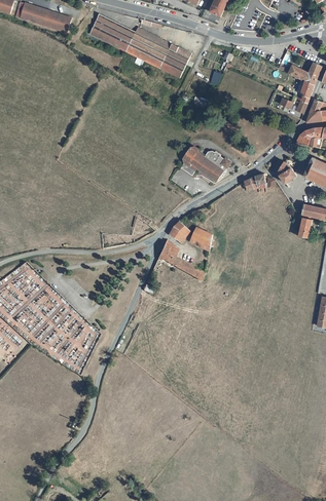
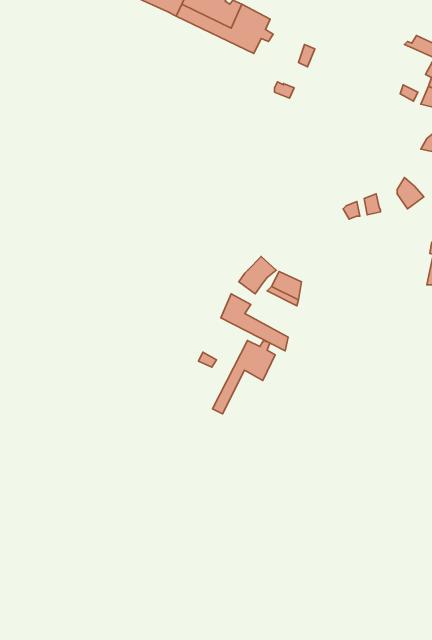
building: [181,147,231,181] -> none
building: none -> [213,340,275,414]

